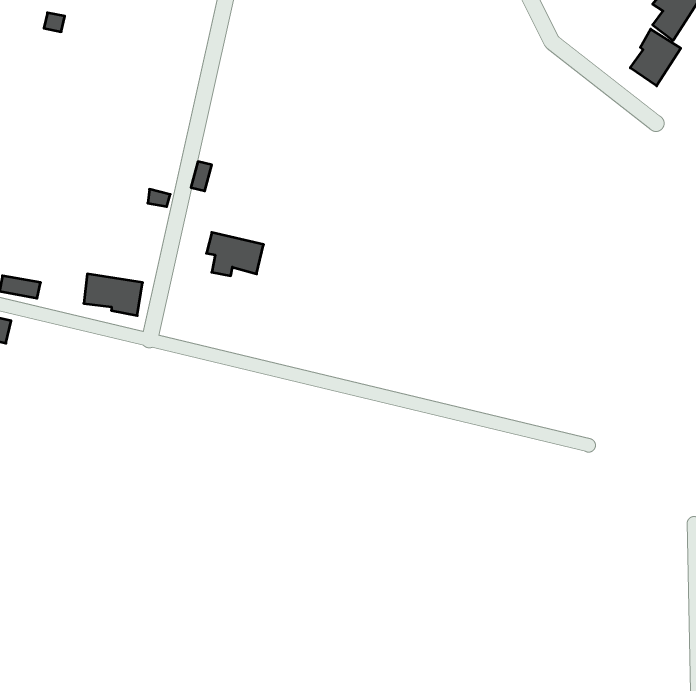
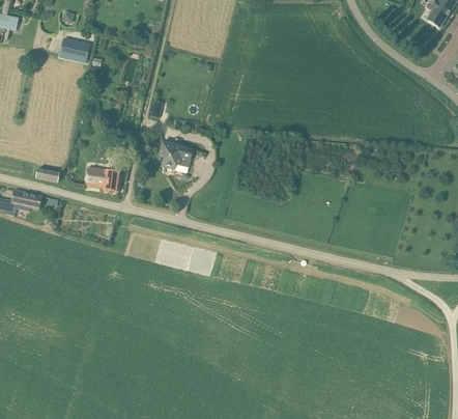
building: [630,29,681,86] -> none
building: none -> [59,36,90,62]

